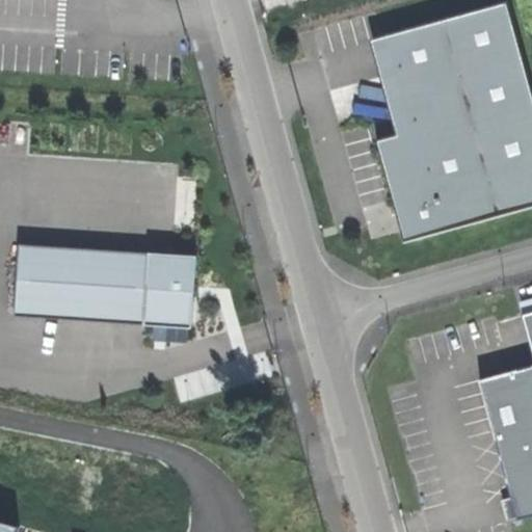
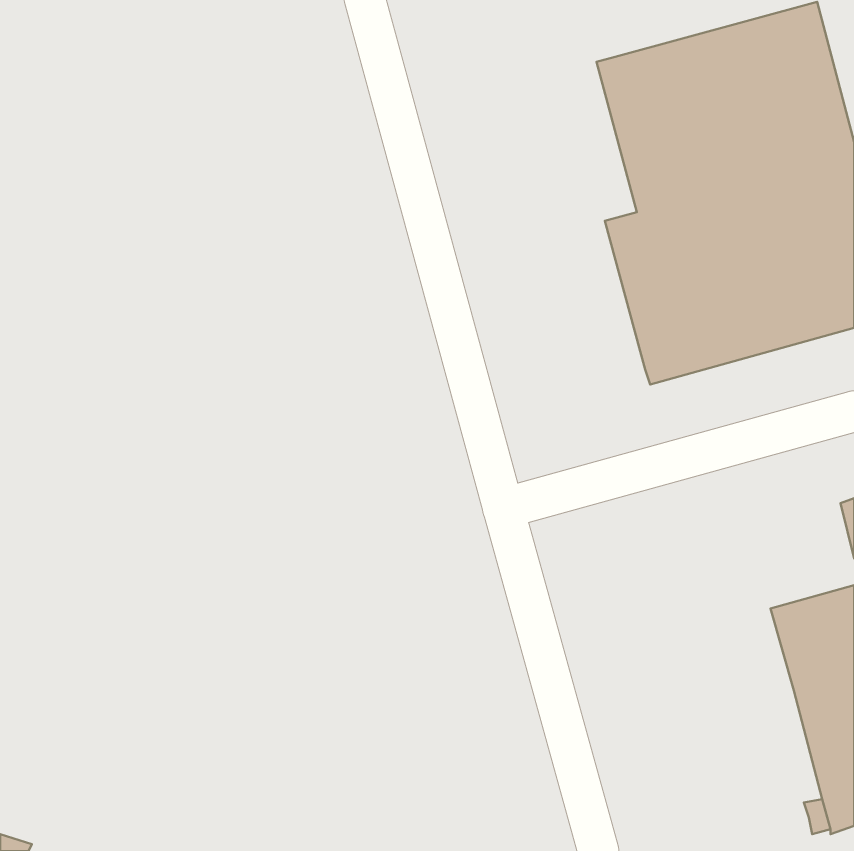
building: [15,242,196,326] -> none

